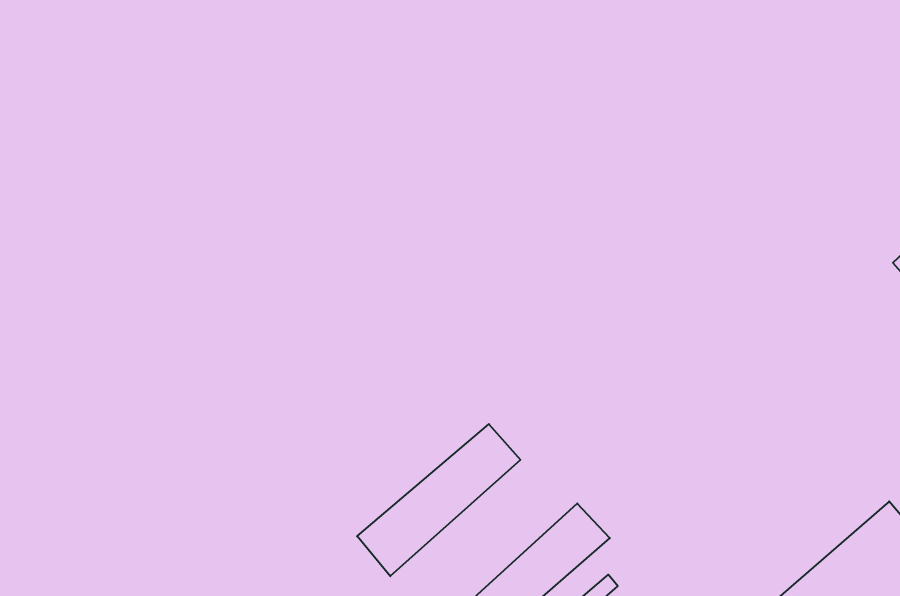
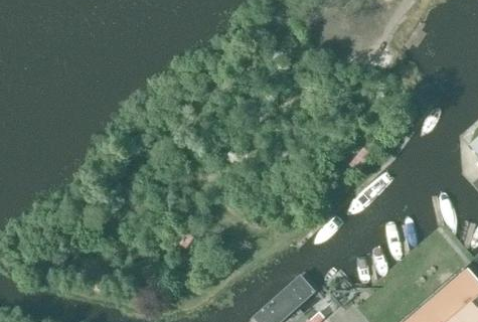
building: [357,424,520,576] -> none

